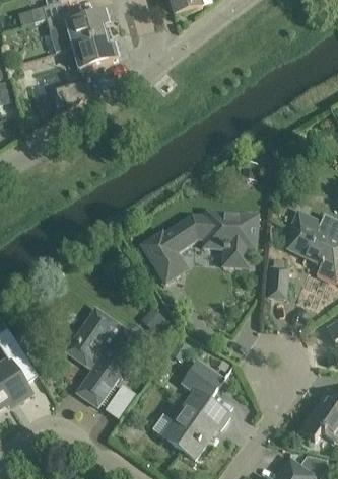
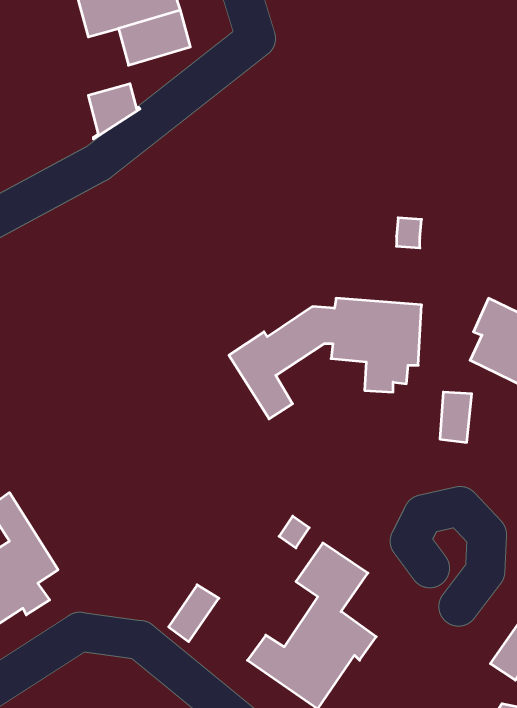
building: [66,307,139,406] -> none

